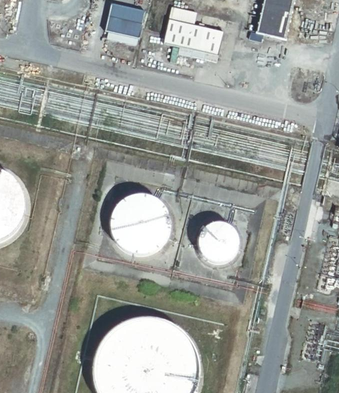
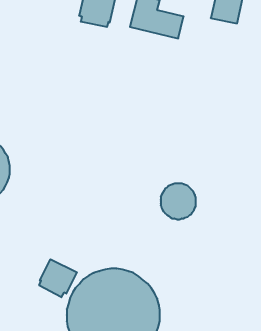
building: [111,192,171,252] -> none
building: none -> [39,259,77,297]

